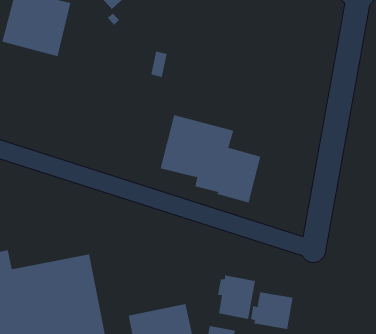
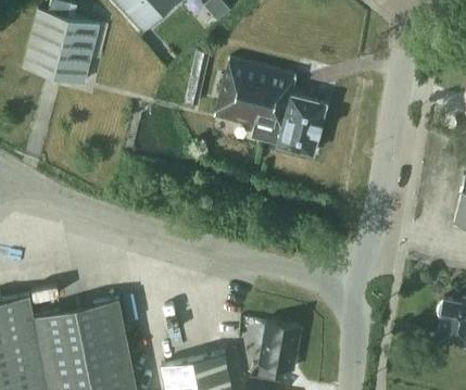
building: [160,115,261,203] -> [214,58,325,154]
building: [250,292,293,330] -> none

